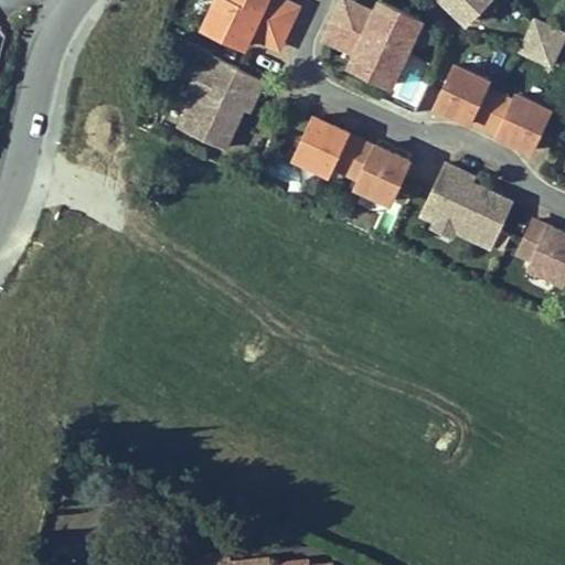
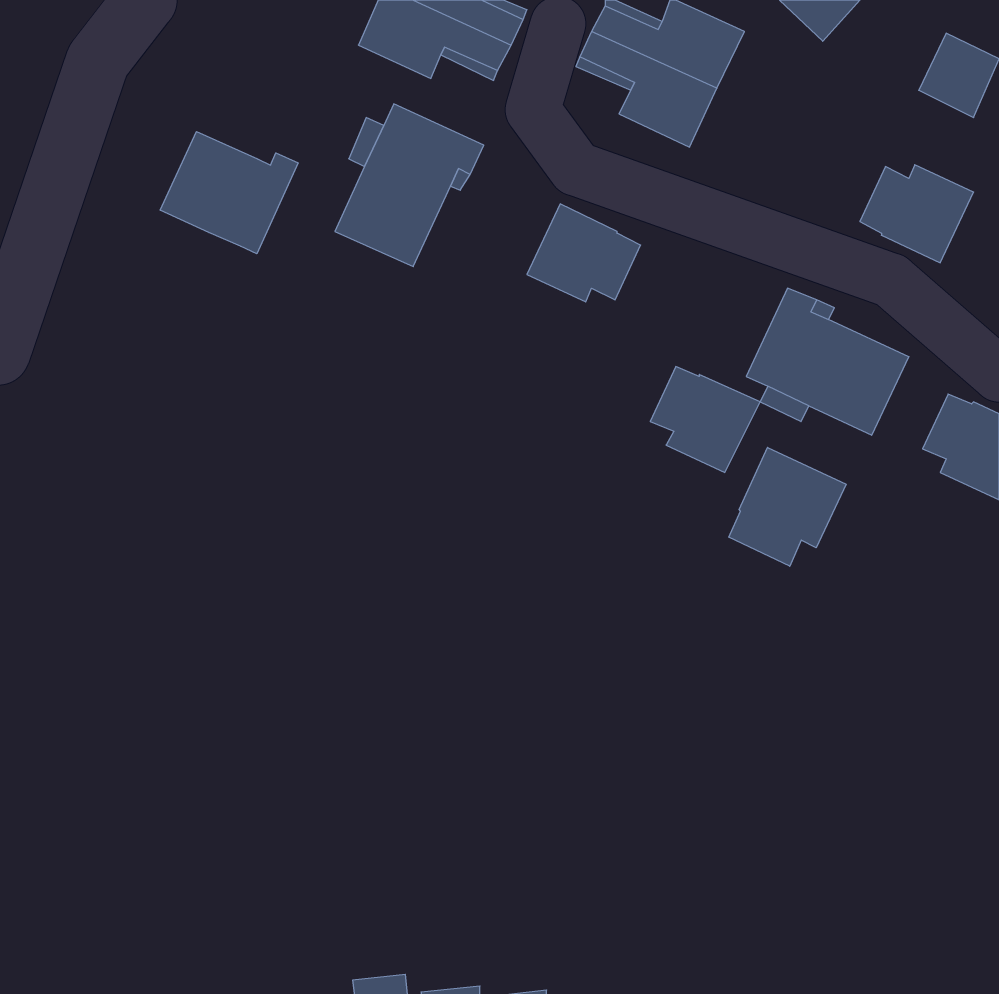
building: [437,70,499,129] -> none
building: none -> [160,132,298,254]
building: [347,142,408,202] -> [650,367,760,472]
building: none -> [729,447,846,566]

